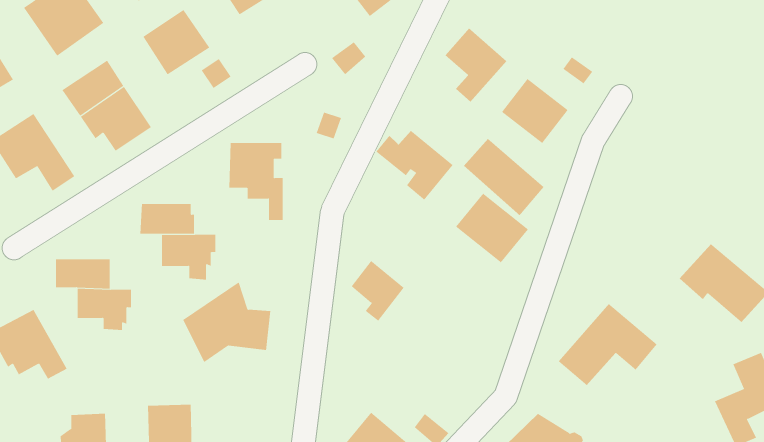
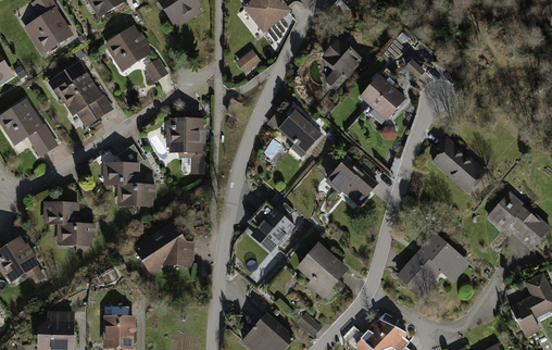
building: [463,138,544,216] -> [427,137,485,192]
building: none -> [294,239,348,297]

